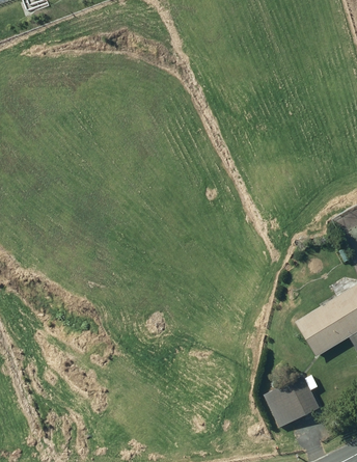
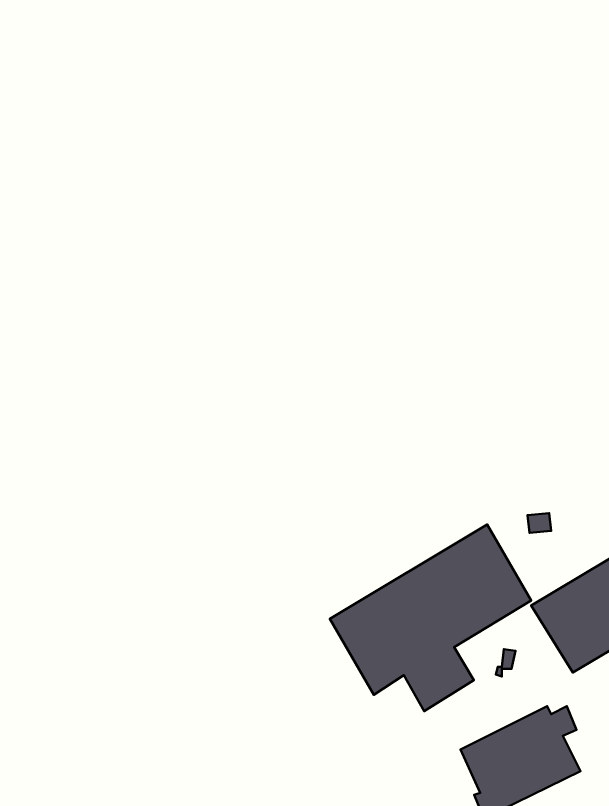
building: none -> [330,525,531,711]

